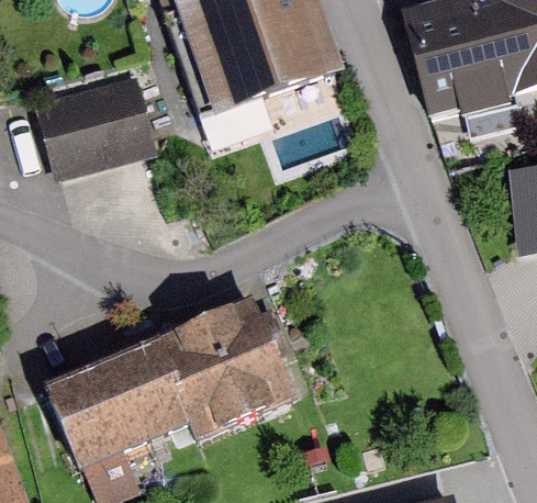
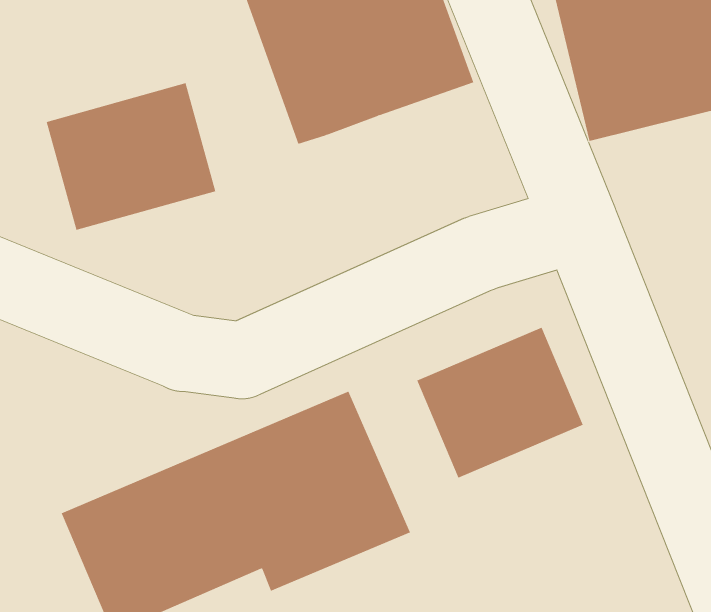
building: none -> [416,327,584,478]

